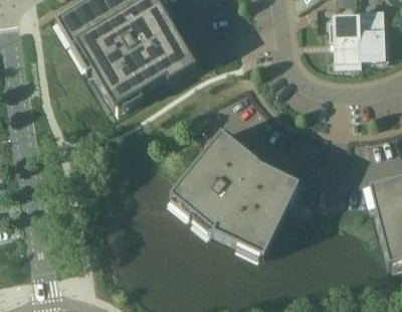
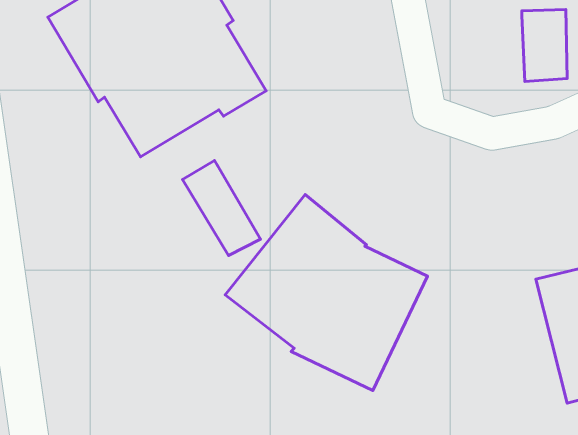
building: [330,17,362,64] -> none
building: none -> [182,161,260,256]

